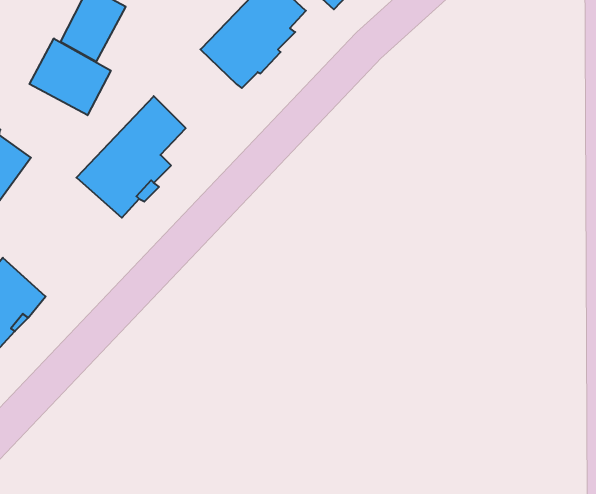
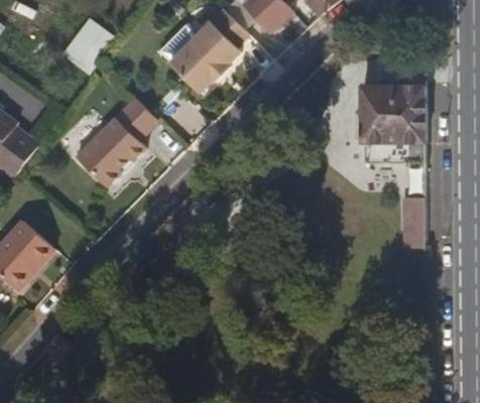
building: [29,38,111,115] -> none
building: none -> [360,87,427,223]

